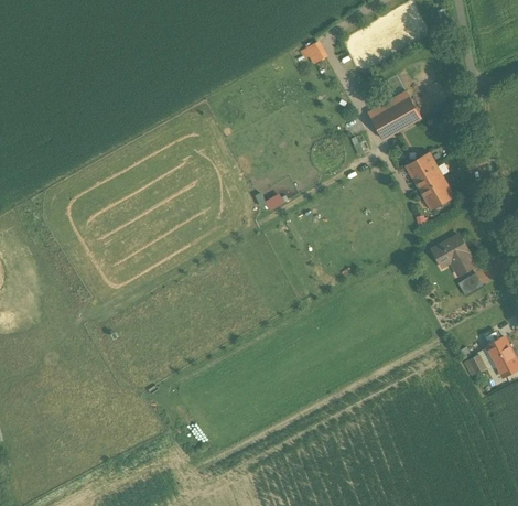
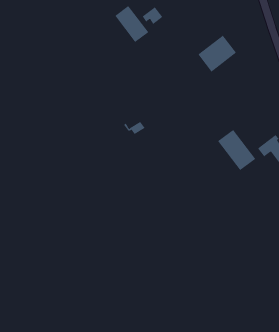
building: none -> [114,5,149,43]
building: [404,153,454,211] -> [217,129,256,171]

